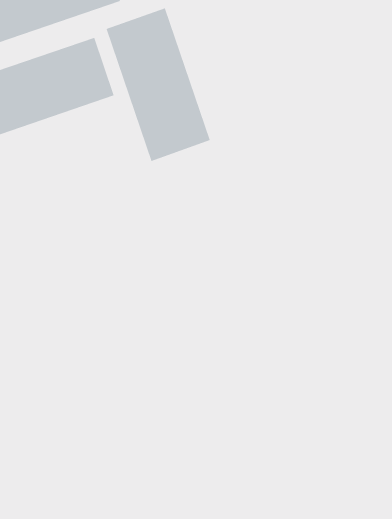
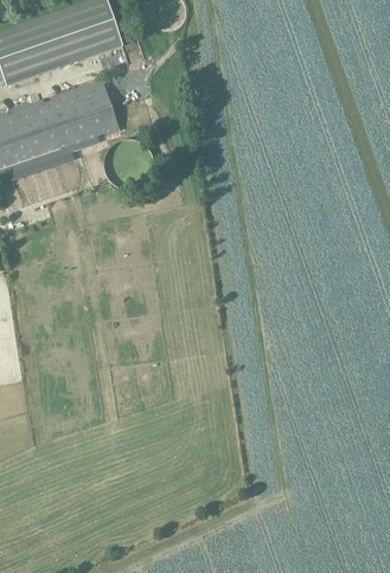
building: [106,7,211,162] -> none

